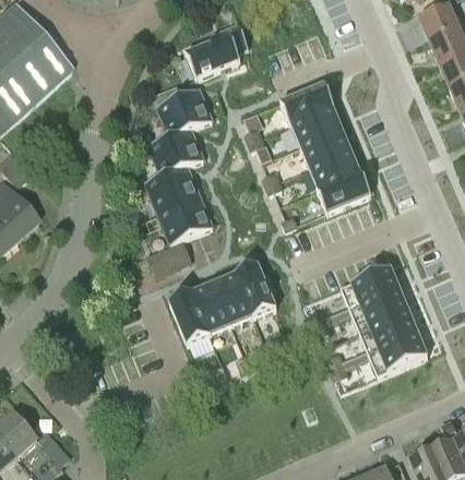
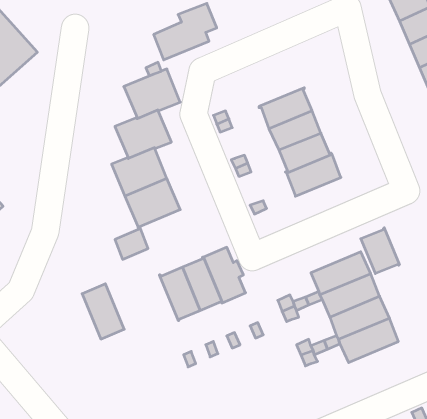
building: [279,82,334,123] -> none
building: none -> [361,228,399,274]
building: [168,289,210,344] -> [82,284,124,339]

